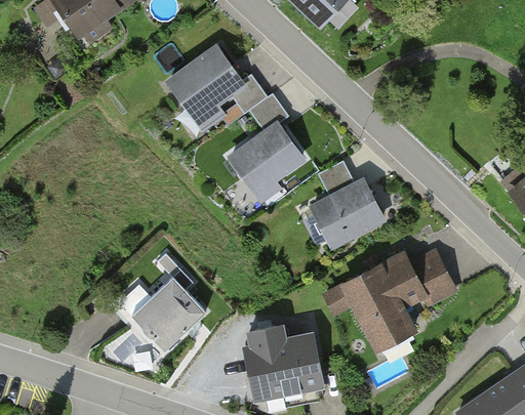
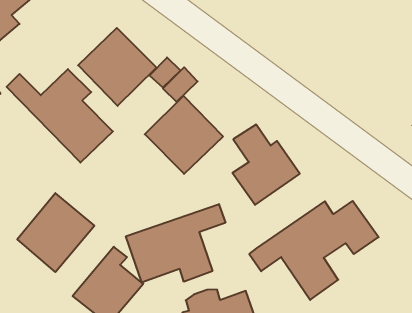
building: none -> [7,69,113,163]
building: none -> [17,193,94,272]
building: none -> [126,204,225,283]

